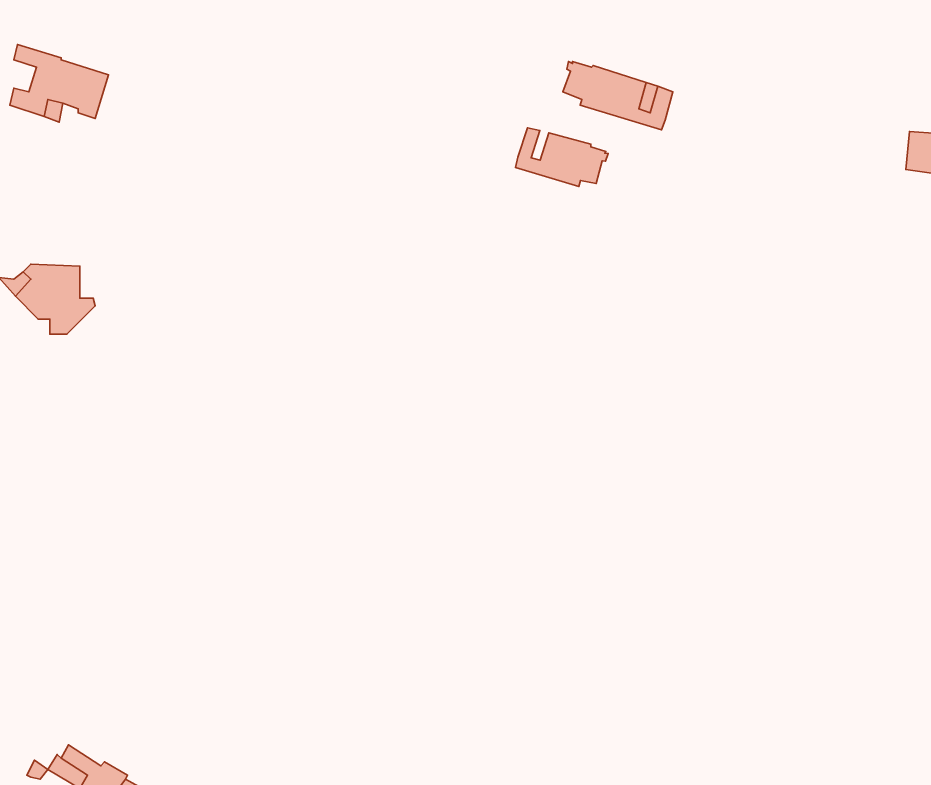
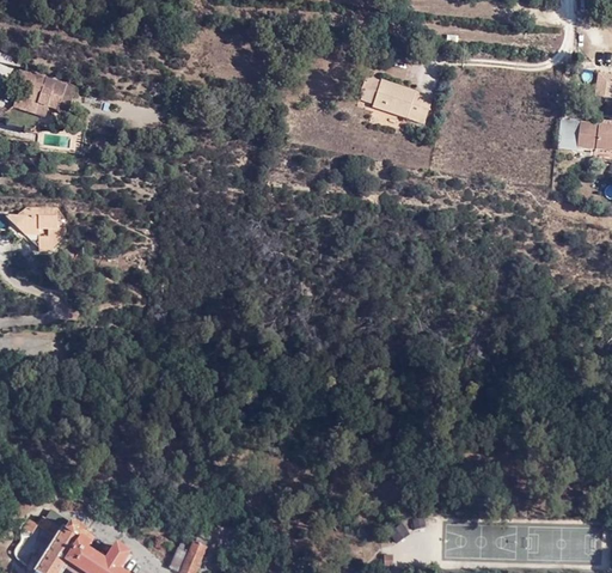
building: [516,128,608,187] -> none

